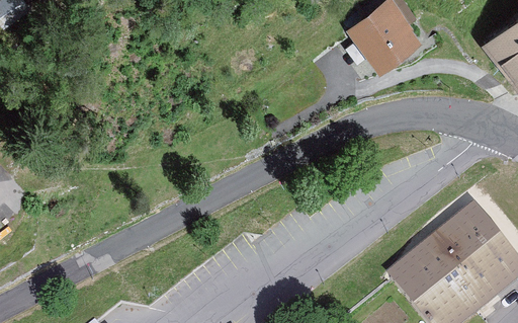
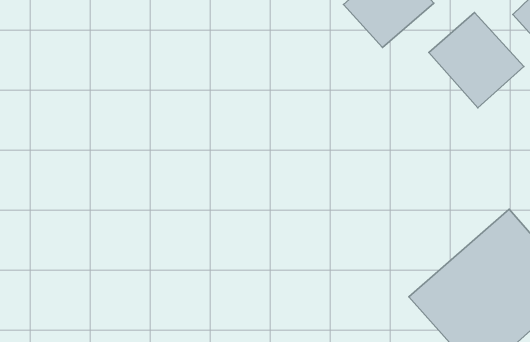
building: none -> [429,13,524,108]

